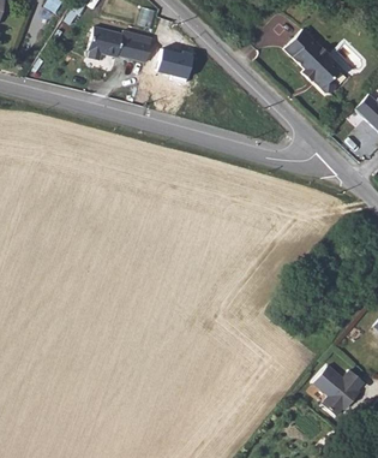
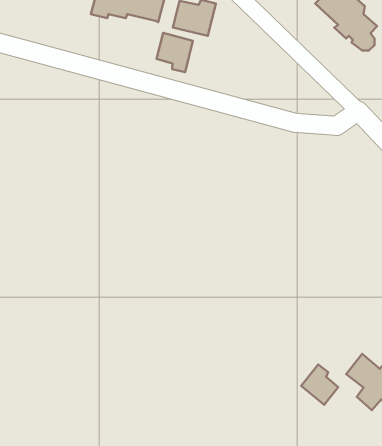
building: none -> [157,33,193,72]
building: none -> [301,365,338,405]

